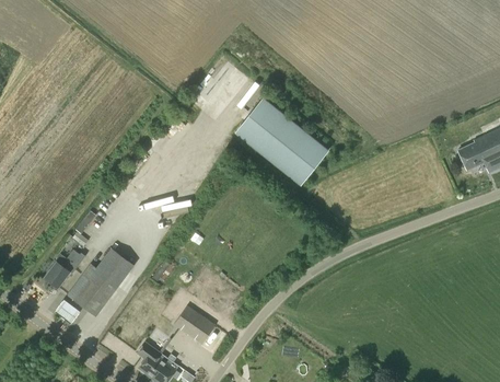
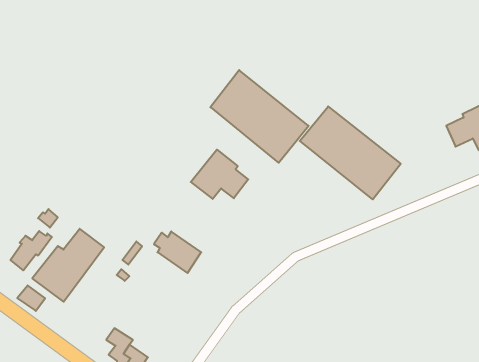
building: none -> [300,106,401,199]
building: none -> [191,150,248,199]
building: [171,304,216,344] -> [154,231,201,273]

